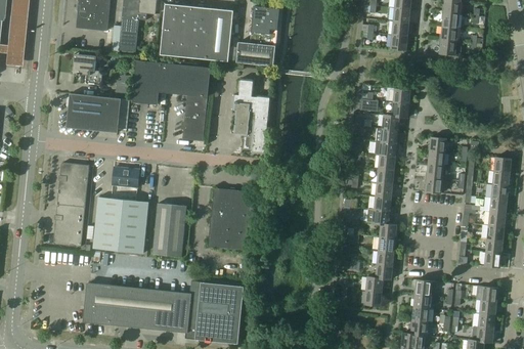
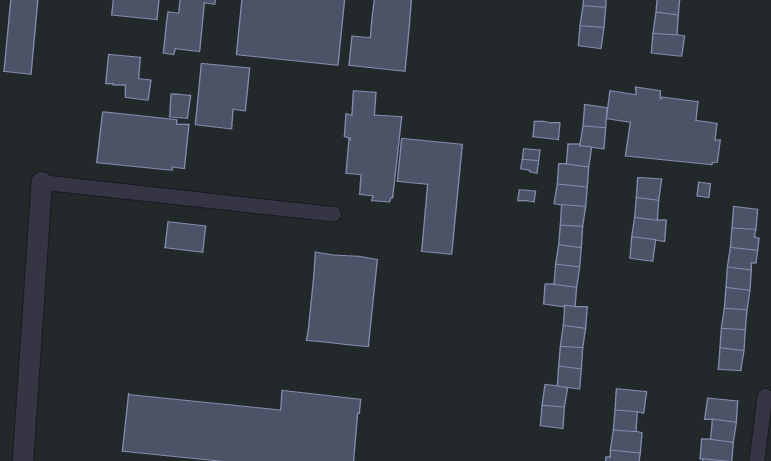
building: [166,63,210,141] -> [397,139,462,254]
building: none -> [606,87,720,165]
building: [53,163,89,247] -> none
building: [93,197,148,253] -> none
building: [152,203,186,257] -> none

